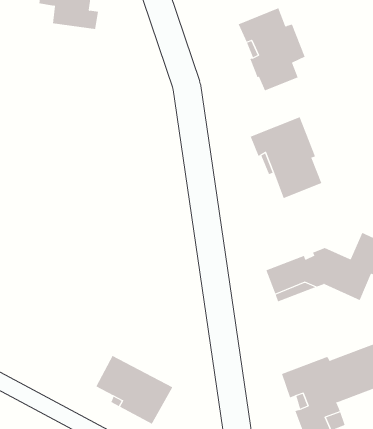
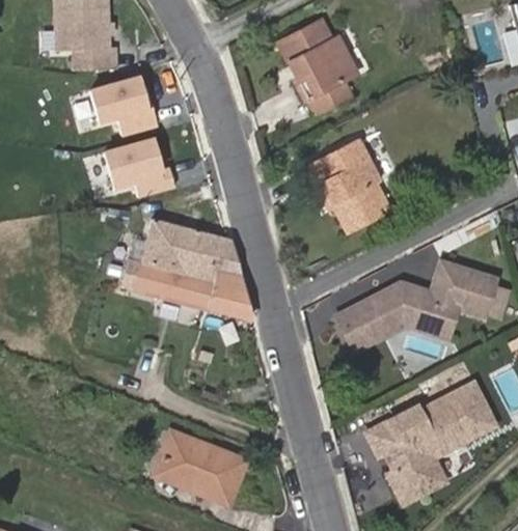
building: none -> [87,71,156,134]
building: none -> [102,135,170,198]
building: none -> [128,217,253,322]

